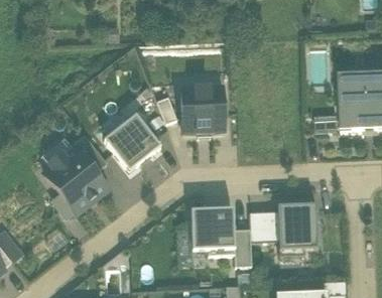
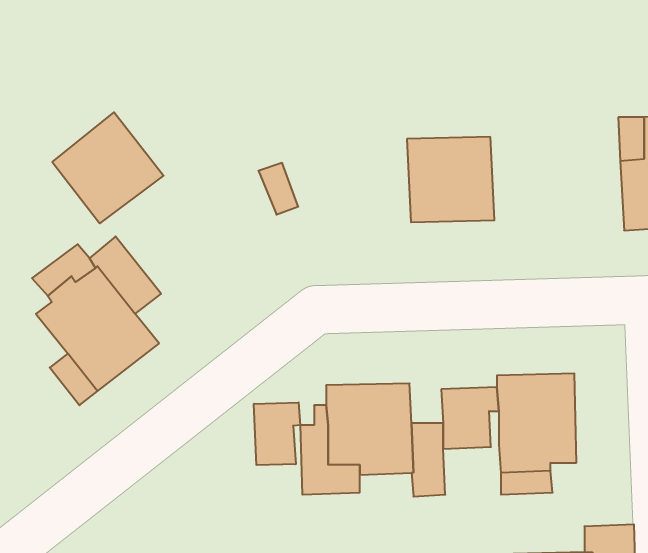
building: [180,88,225,131] -> [407,137,494,222]
building: [104,115,160,171] -> [52,112,164,223]
building: none -> [254,402,300,465]

